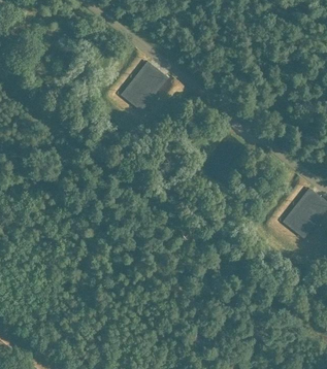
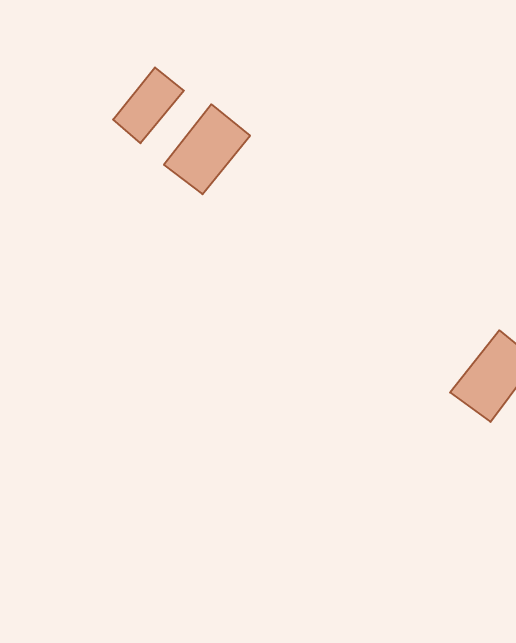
building: none -> [113,67,184,143]

